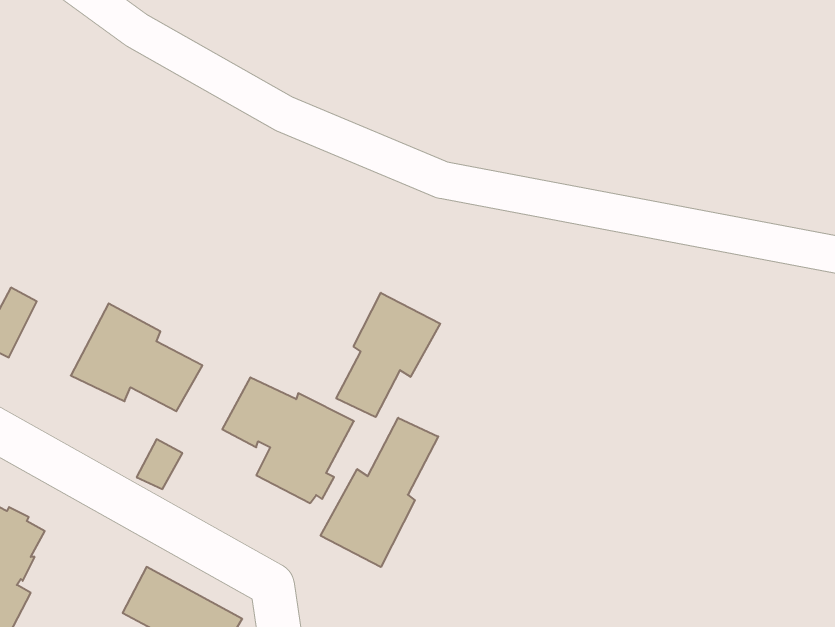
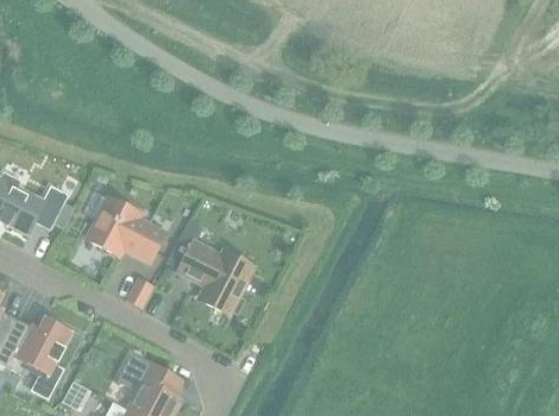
building: [336,293,440,417] -> none
building: [321,418,438,567] -> none

